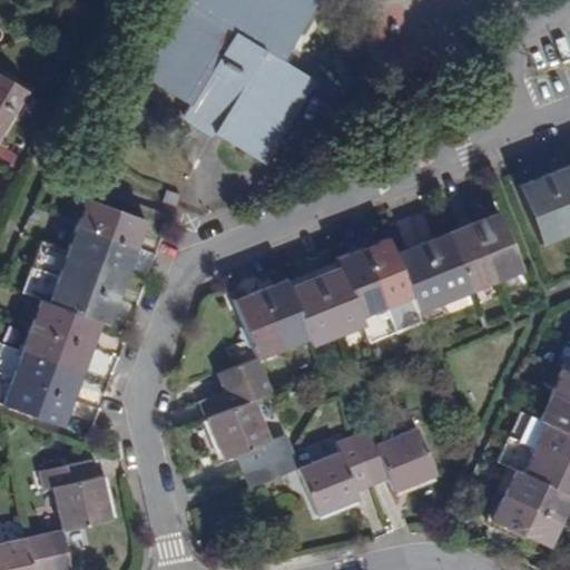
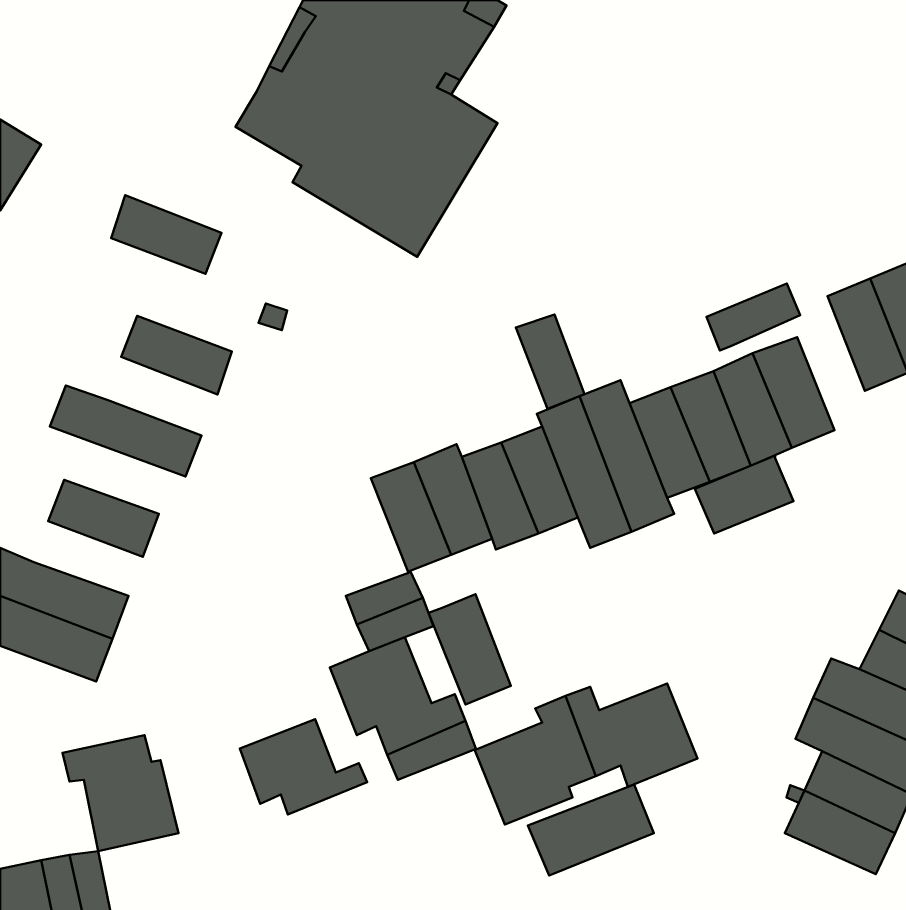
building: none -> [707,284,800,350]
building: none -> [516,314,585,409]
building: [70,224,139,273] -> [111,195,222,274]
building: [24,267,119,325] -> none
building: none -> [695,456,793,533]
building: [24,326,92,373] -> none
building: none -> [428,594,511,705]
building: none -> [240,719,367,815]
building: none -> [528,784,654,876]

